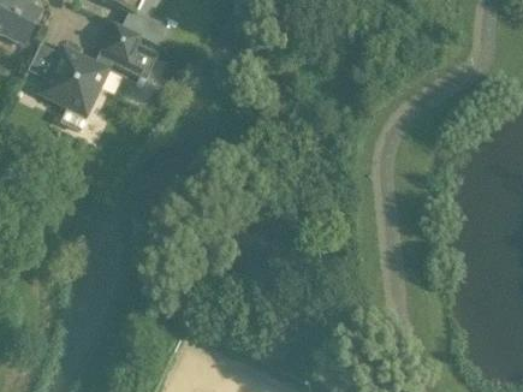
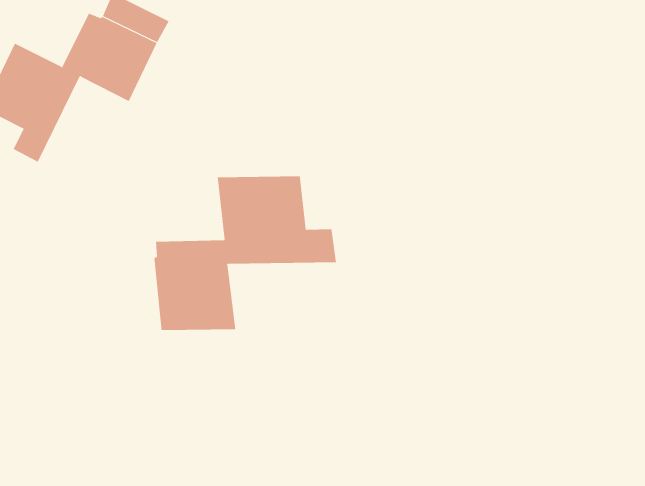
building: none -> [154,176,337,331]

